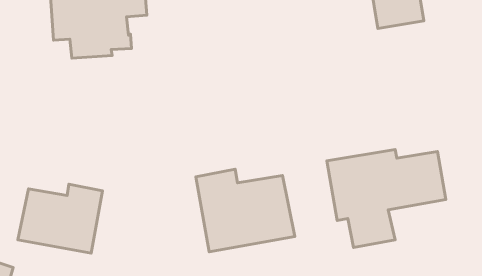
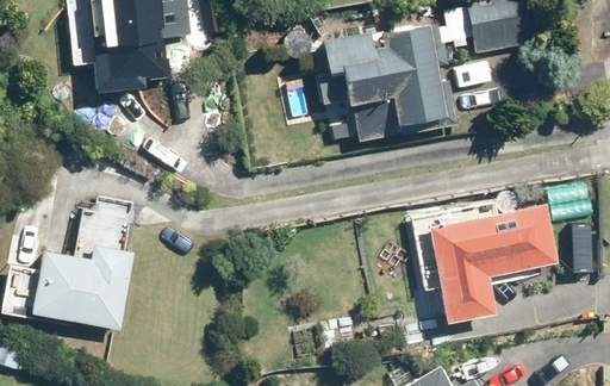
building: none -> [323,24,461,144]
building: [196,169,295,252] -> none

